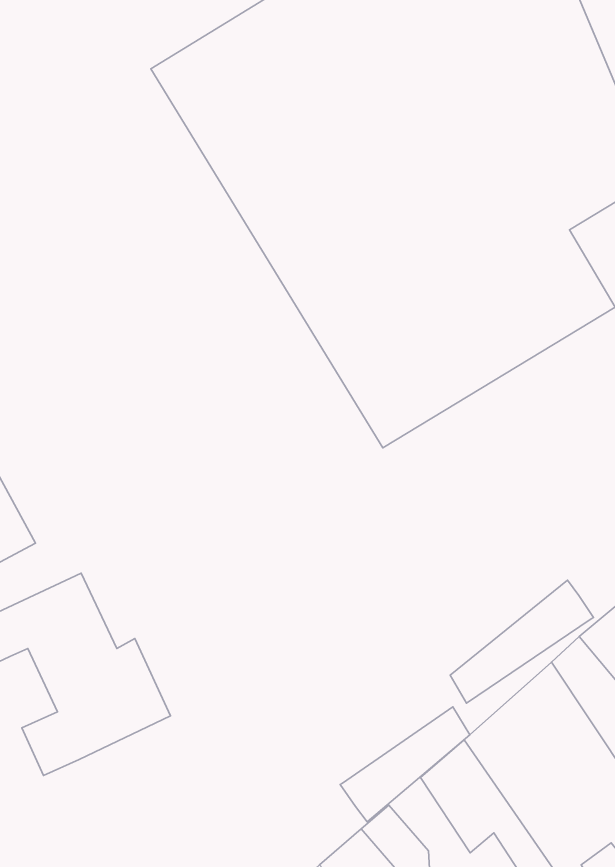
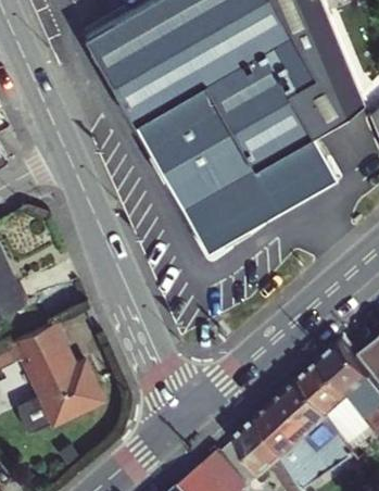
building: [450,580,594,703] -> none
building: [340,707,470,822] -> none

